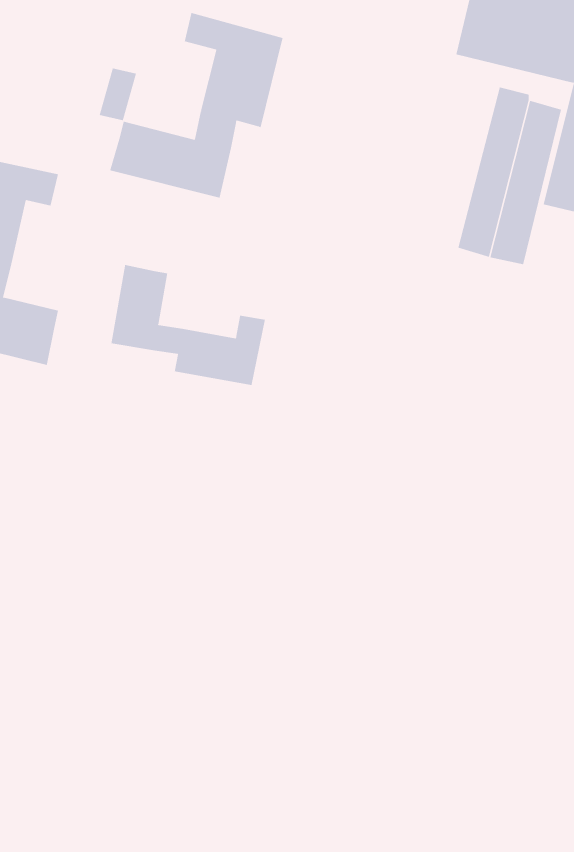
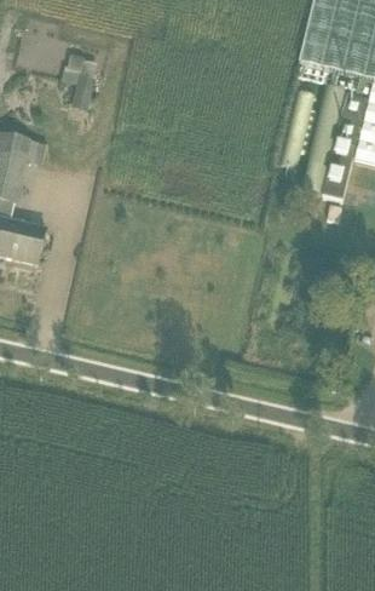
building: [109,12,283,199] -> none
building: [111,264,266,386] -> none

